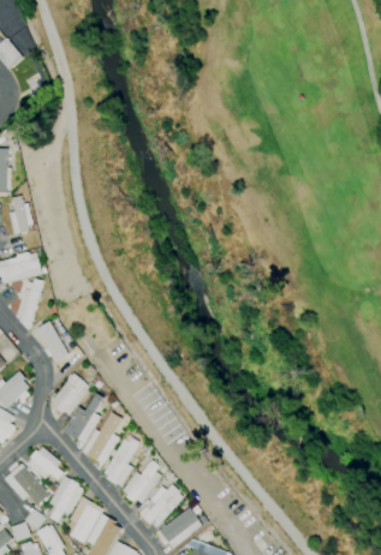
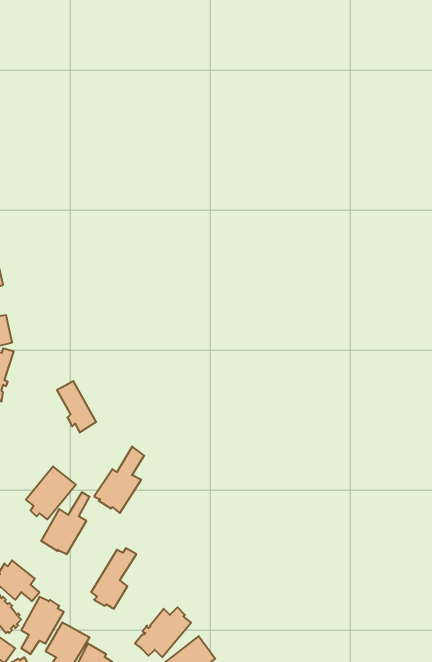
building: [36,321,67,362] -> [57,381,96,433]
building: [82,411,121,464] -> [94,446,144,513]
building: [123,459,161,502] -> none

